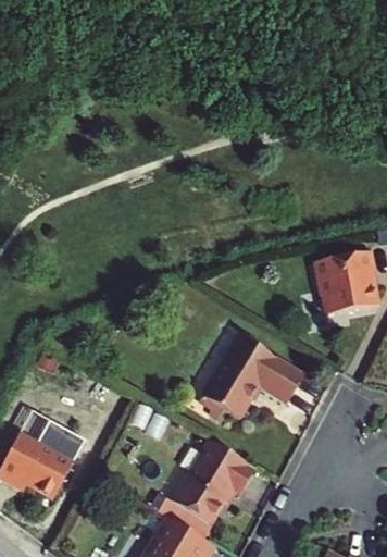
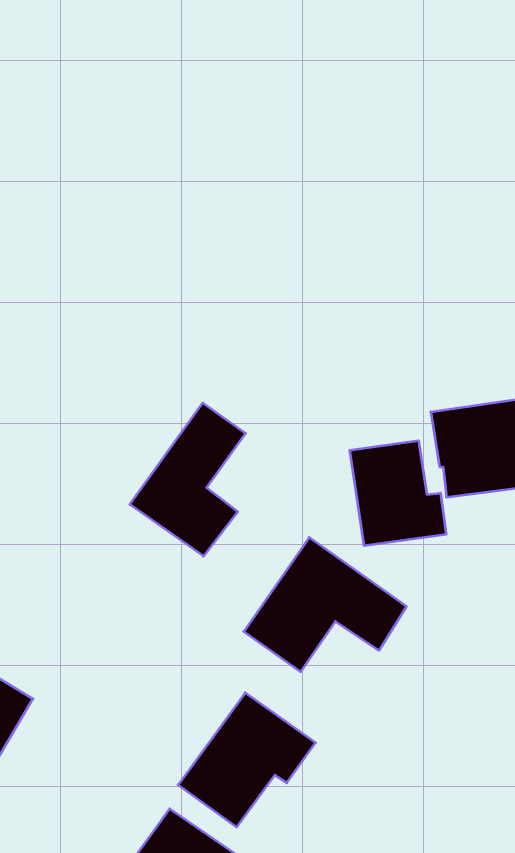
building: none -> [130,403,246,556]
building: none -> [350,441,446,546]

